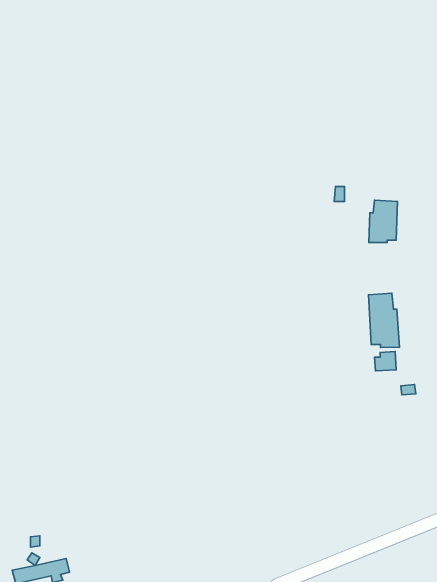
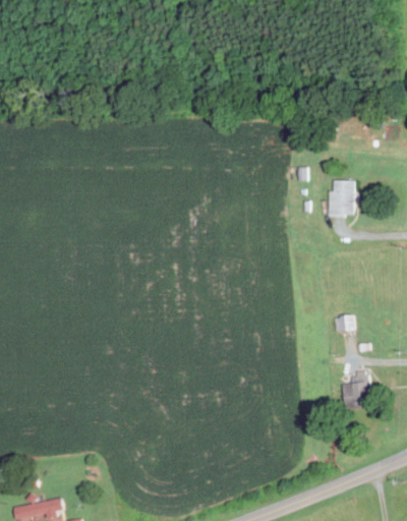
building: [368,293,399,347] -> none
building: none -> [342,369,371,410]

